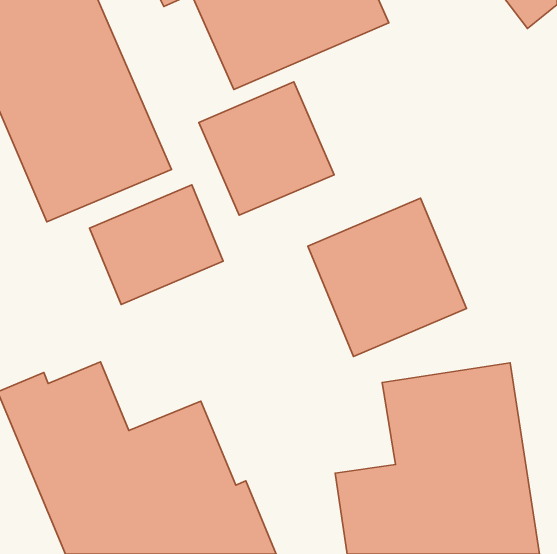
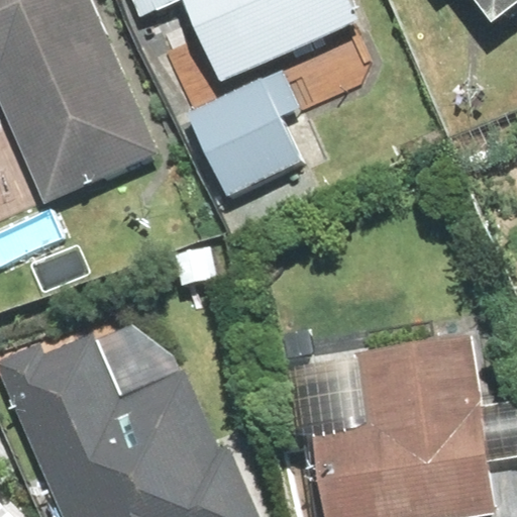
building: [90,185,223,305] -> none
building: [308,198,466,356] -> none

